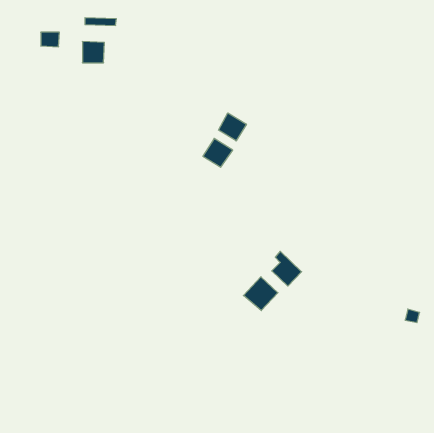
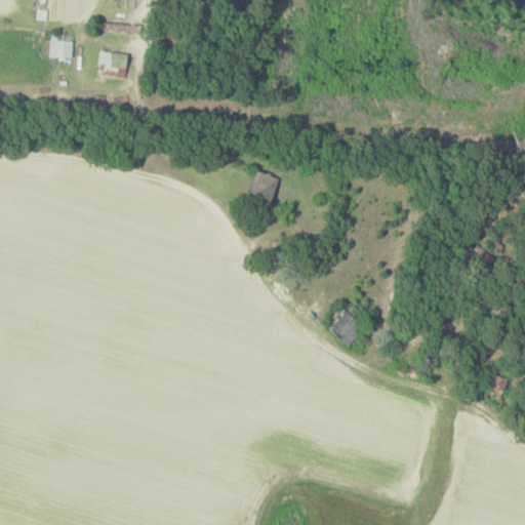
building: [219,113,246,141] -> none
building: [243,277,278,311] -> none

